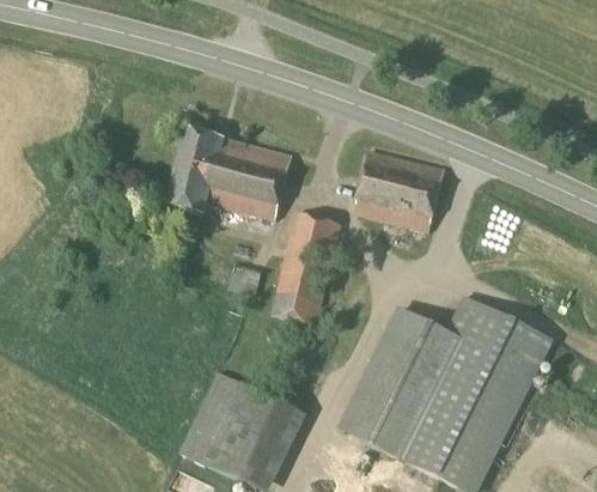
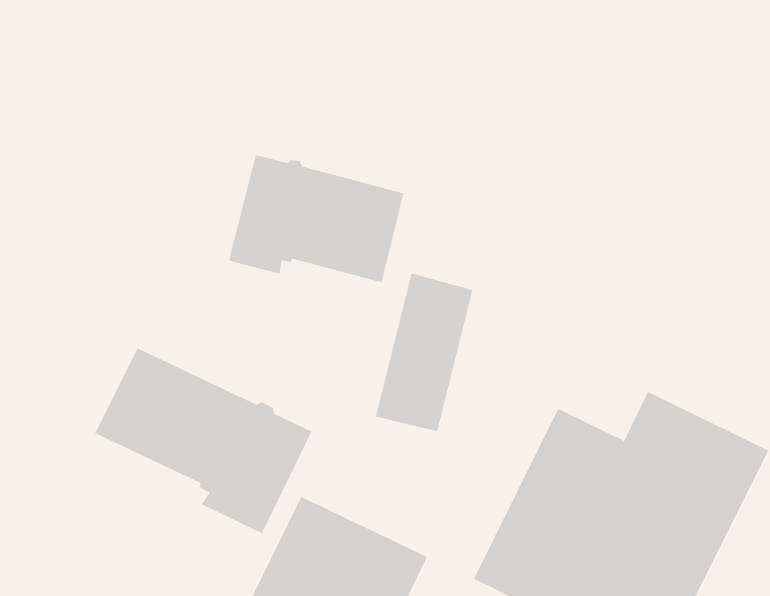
building: [354,150,444,231] -> none
building: none -> [94,347,312,534]

